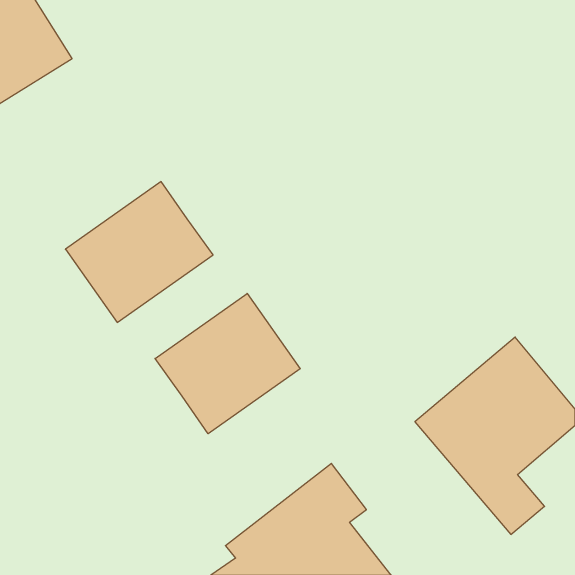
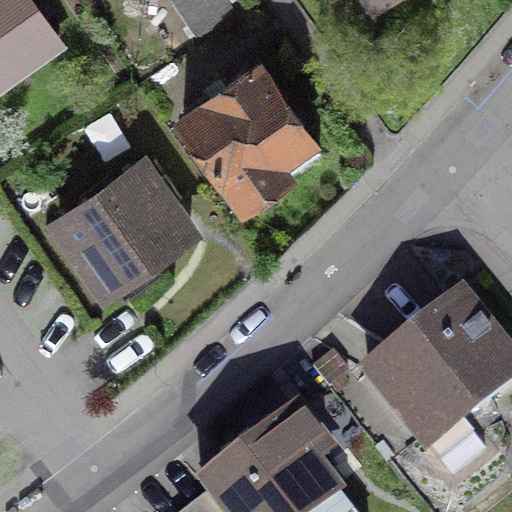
building: none -> [182,63,318,200]
building: [155,293,300,434] -> none

